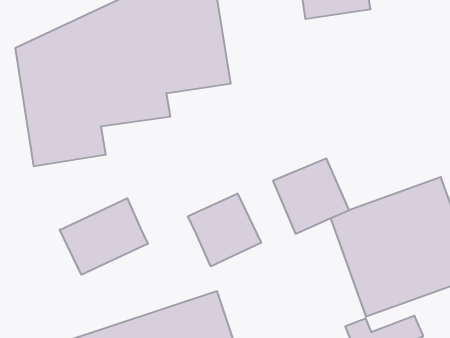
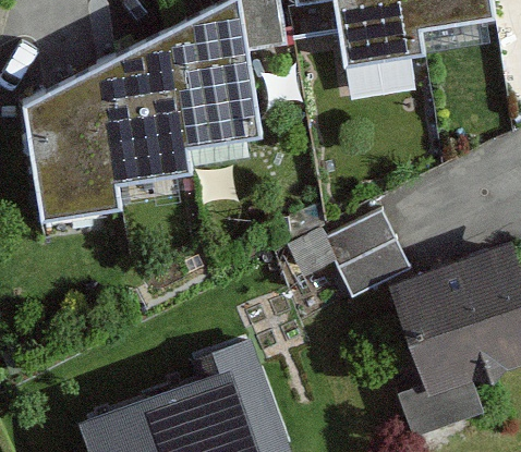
building: [188,193,261,266] -> none
building: [60,198,148,275] -> none

